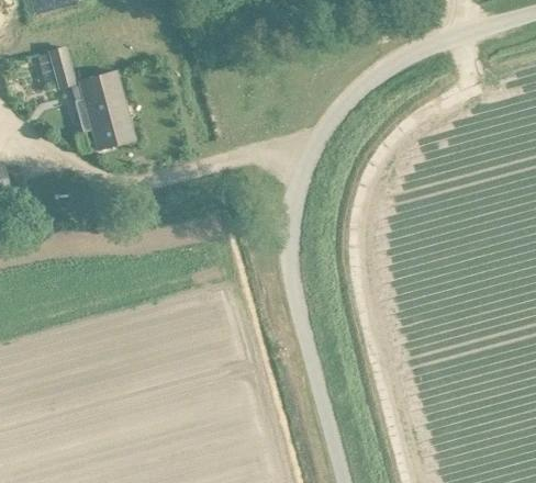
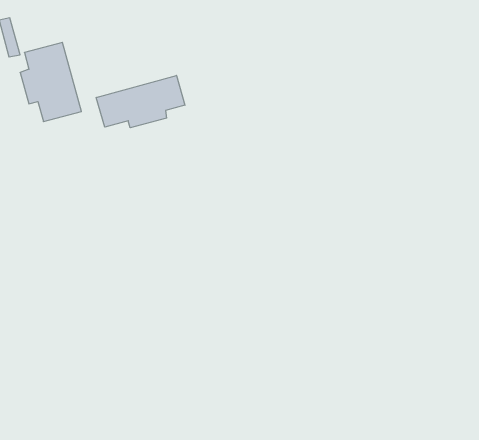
building: none -> [96,75,185,128]

